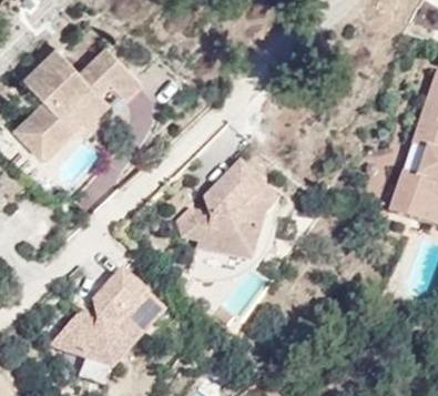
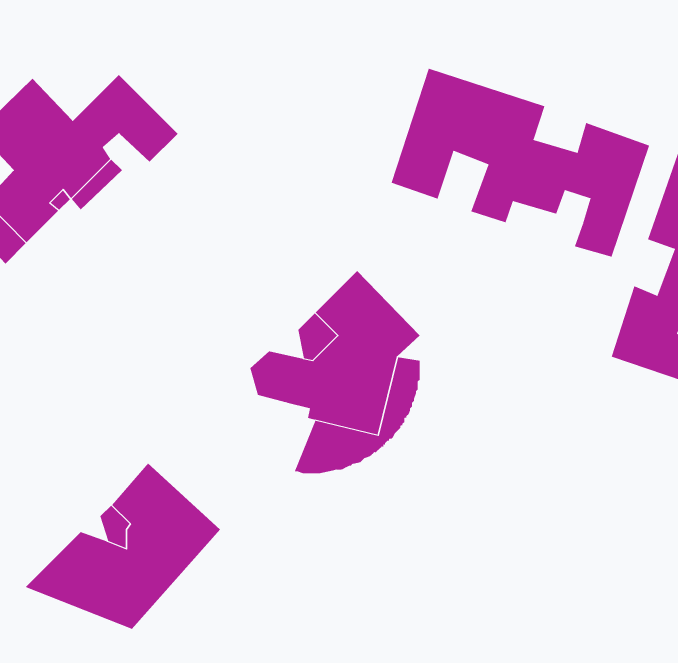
building: none -> [391,68,650,258]

